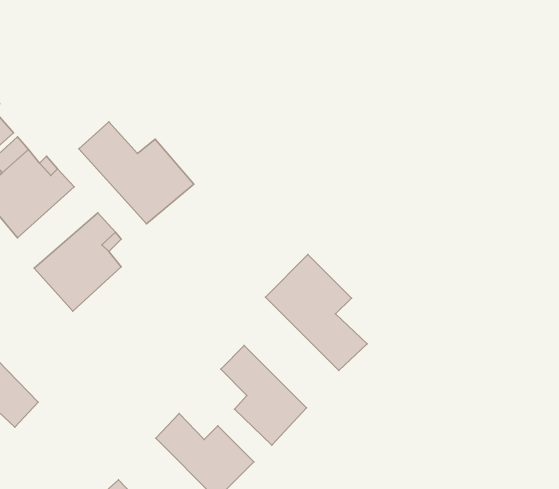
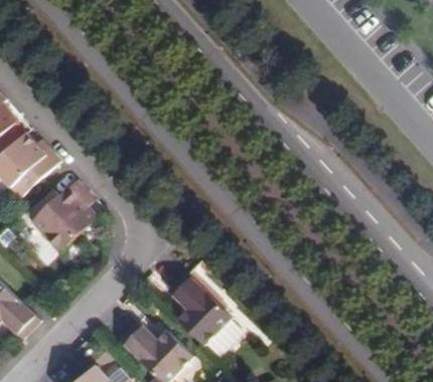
building: [79,122,194,224] -> none
building: [265,255,367,371] -> none

